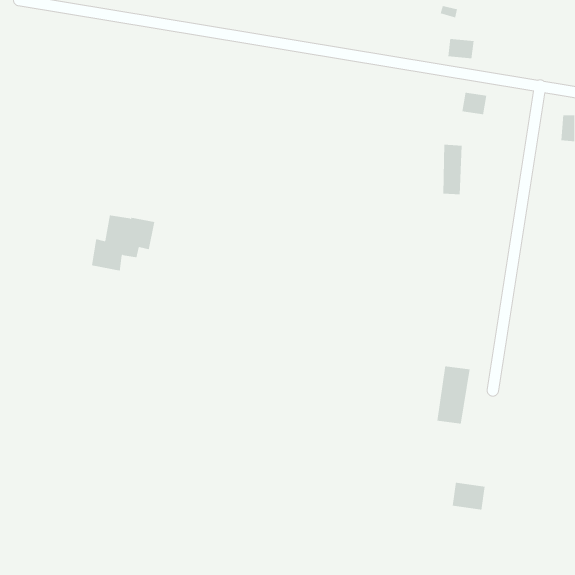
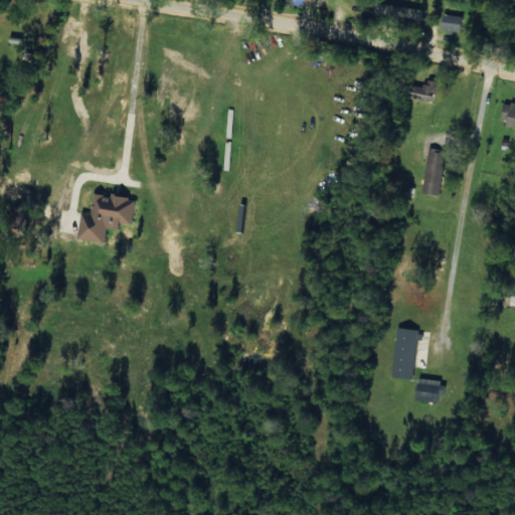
building: [447,38,474,59] -> [439,14,463,32]
building: [442,144,463,195] -> [423,149,442,194]
building: [452,482,486,510] -> [413,378,444,403]

